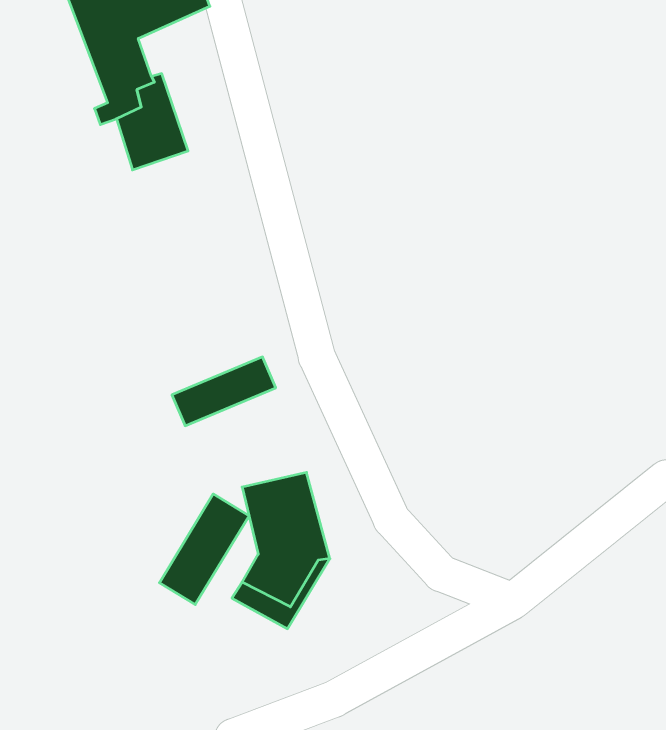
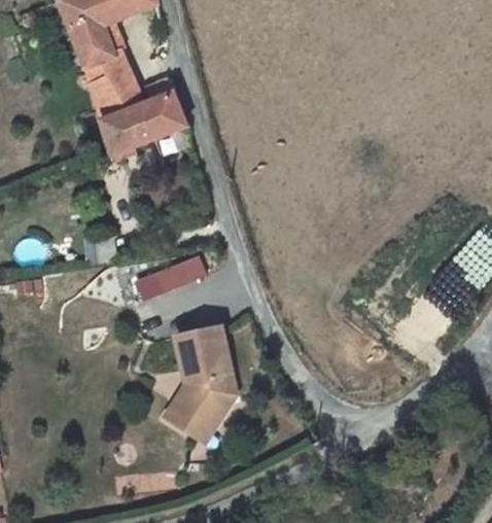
building: none -> [102,81,182,153]
building: [159,494,249,605] -> none

